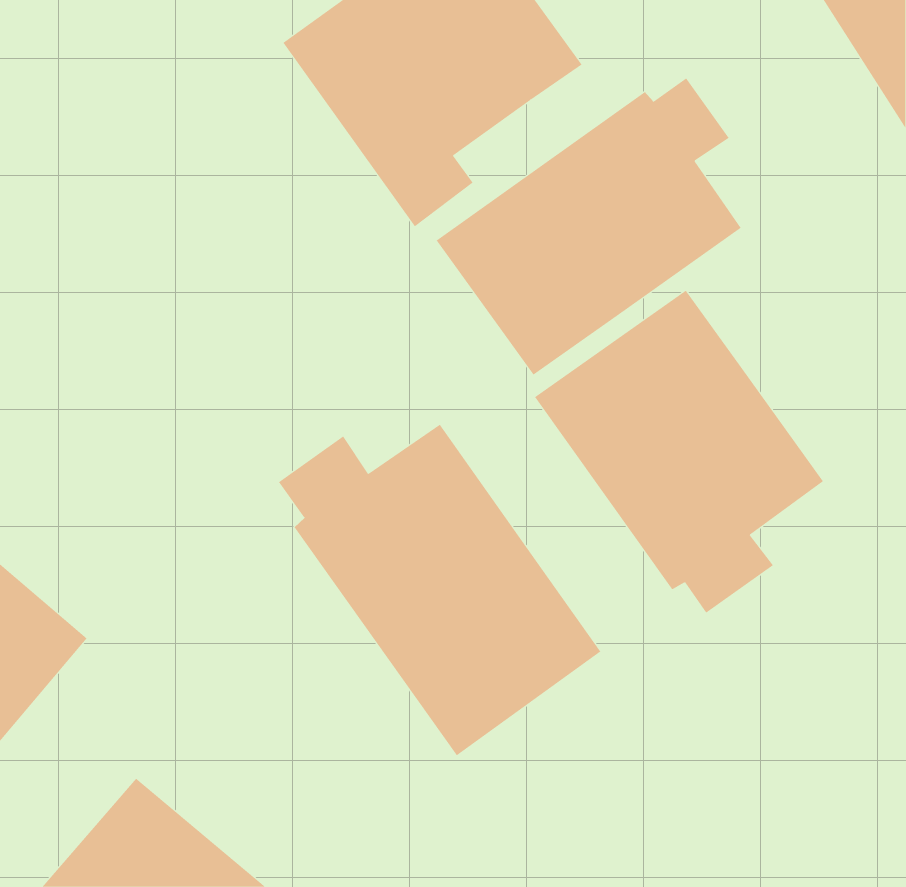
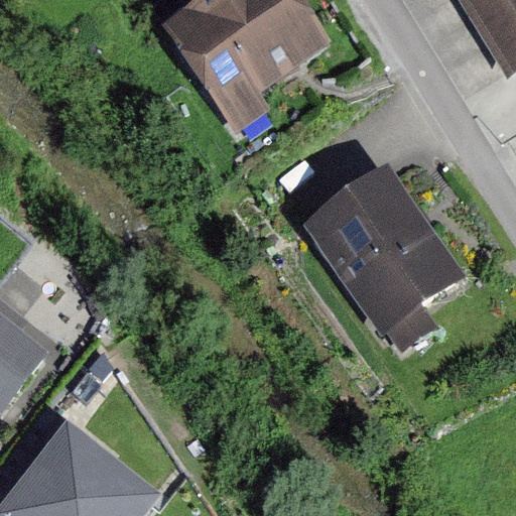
building: [436,77,742,376] -> none
building: [278,424,601,756] -> none

